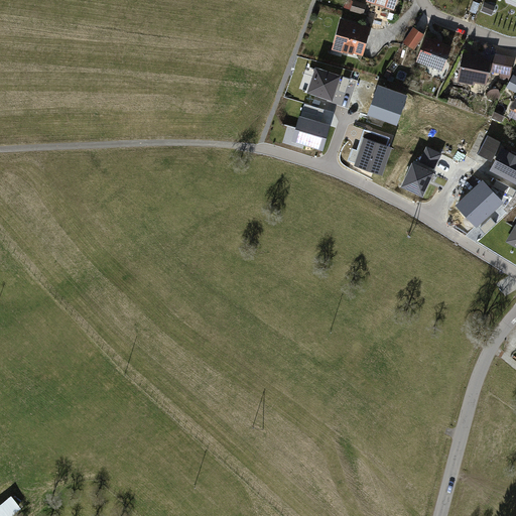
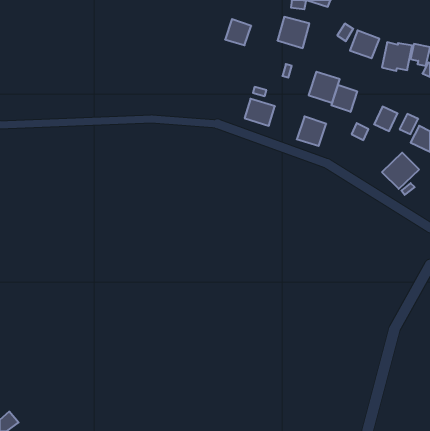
building: [308,69,340,100] -> [225,19,251,45]
building: none -> [331,85,357,112]
building: [403,164,431,194] -> [374,107,398,131]

